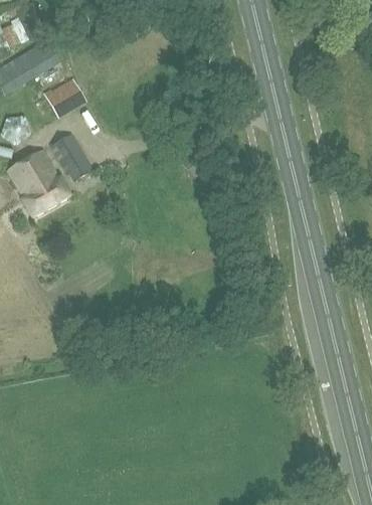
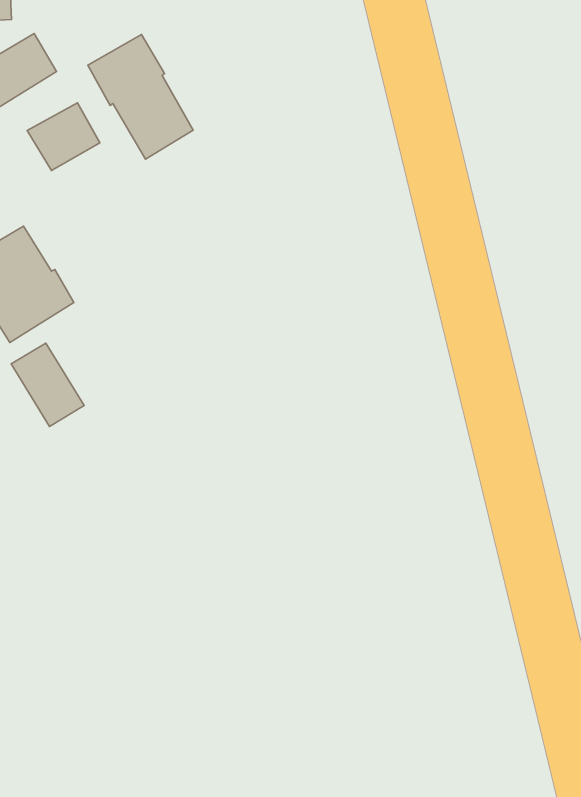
building: none -> [88,35,193,159]
building: [51,135,94,183] -> [11,343,84,426]

